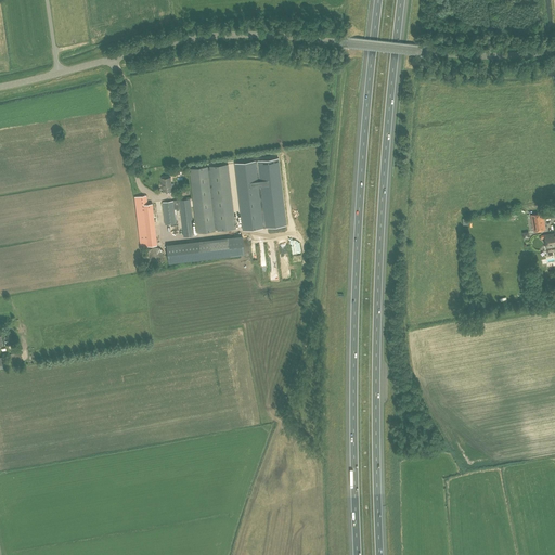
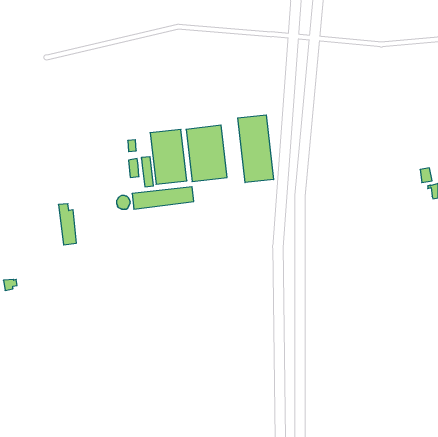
building: none -> [238,115,274,183]
building: [134,196,157,248] -> [58,204,76,245]

